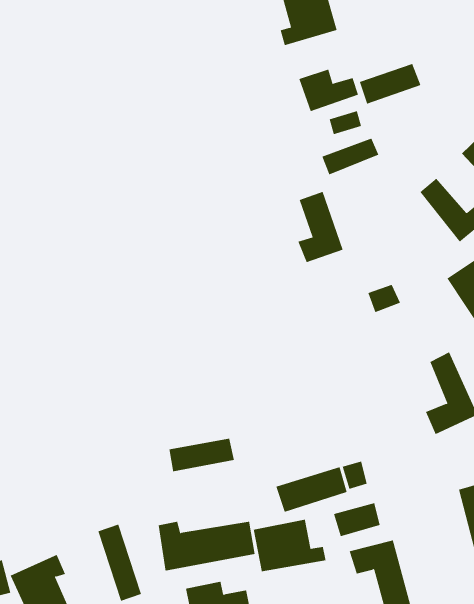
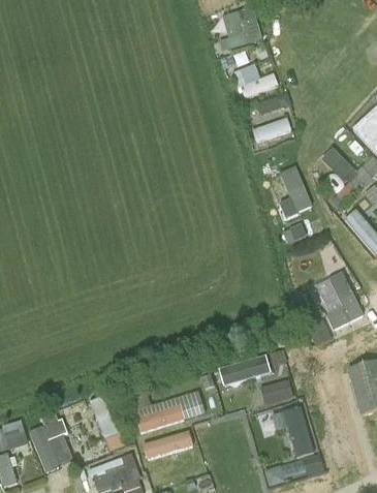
building: [359,63,421,105] -> none
building: [297,191,343,263] -> [279,165,312,217]
building: [169,438,235,472] -> none
building: [253,519,326,572] -> none

